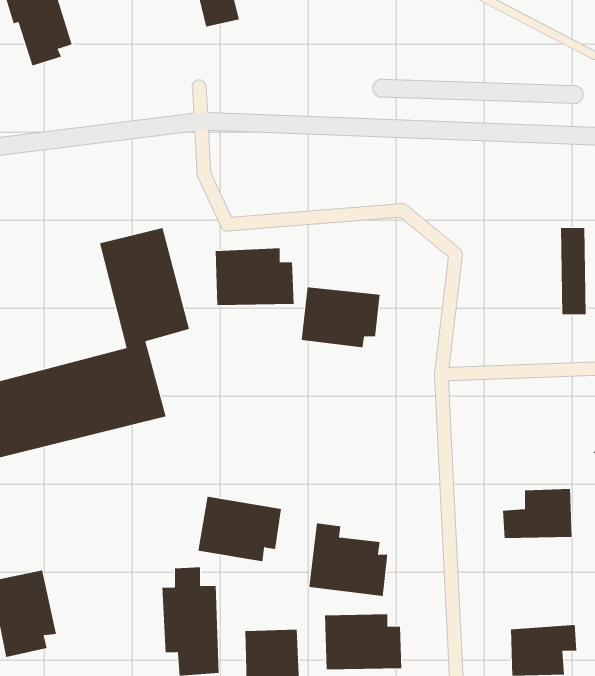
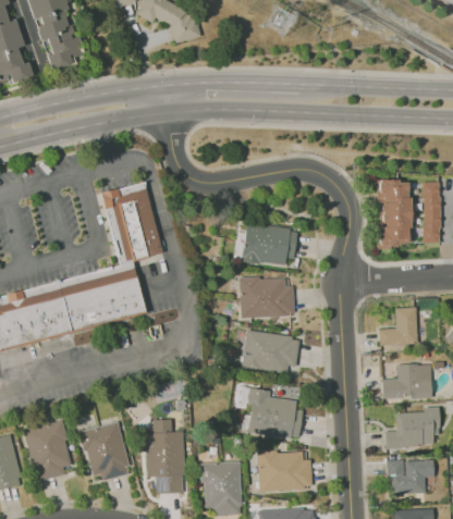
building: none -> [378,180,411,246]
building: [215,248,295,306] -> [240,276,295,317]
building: none -> [380,307,417,345]
building: [198,496,282,562] -> [242,329,301,374]
building: none -> [385,406,440,447]
building: none -> [81,421,130,480]

